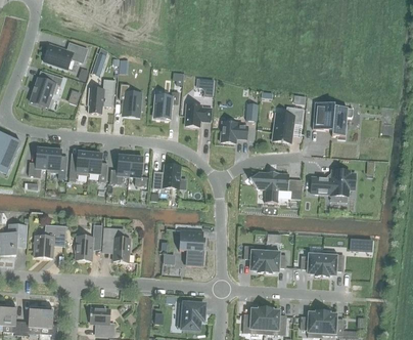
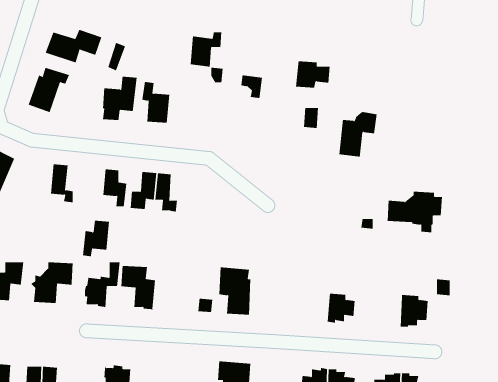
building: [153,91,179,119] -> [190,32,222,67]
building: [312,101,353,138] -> none
building: [185,103,211,126] -> none
building: [220,121,247,142] -> [295,61,331,88]
building: [28,146,49,176] -> none
building: [68,151,90,179] -> [82,220,110,257]
building: [152,164,180,188] -> none
building: [249,171,288,203] -> none
building: [244,246,266,271] -> none
building: [301,251,322,275] -> none

